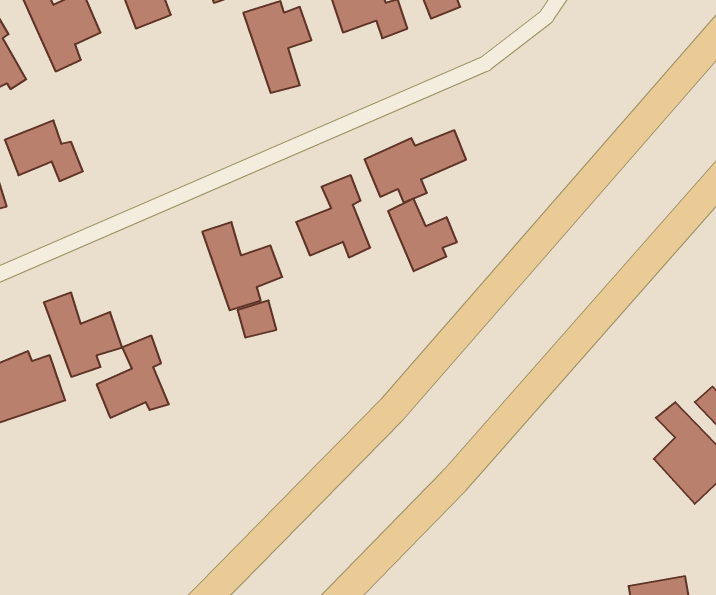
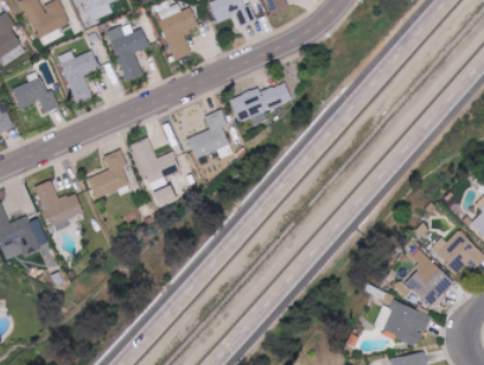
building: none -> [107,26,147,81]
building: none -> [56,50,98,101]
building: [388,199,457,271] -> none
building: [97,336,169,418] -> [87,149,130,199]
building: none -> [374,297,429,345]

